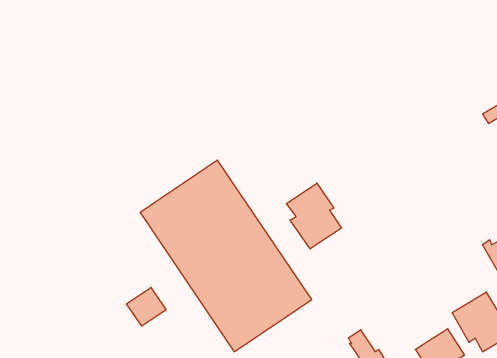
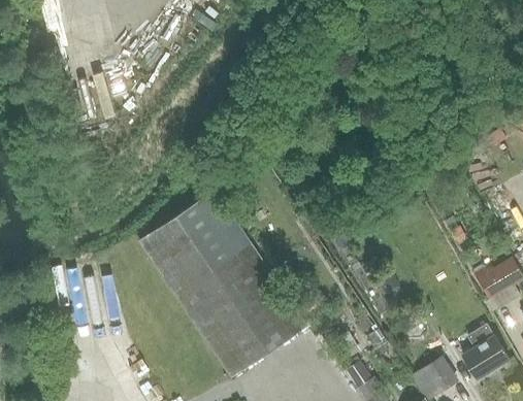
building: [287,183,342,249] -> none
building: [127,287,166,326] -> none

